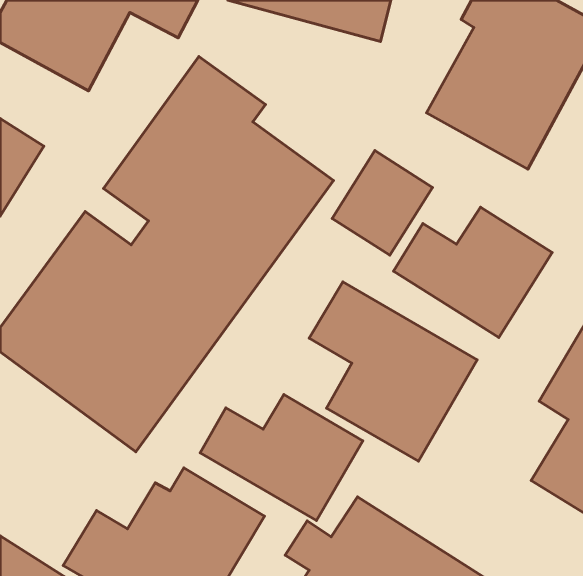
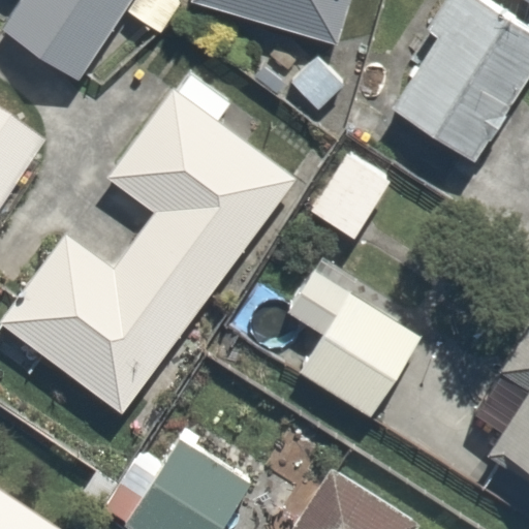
building: [393,207,552,337] -> none
building: [200,394,363,520] -> none

